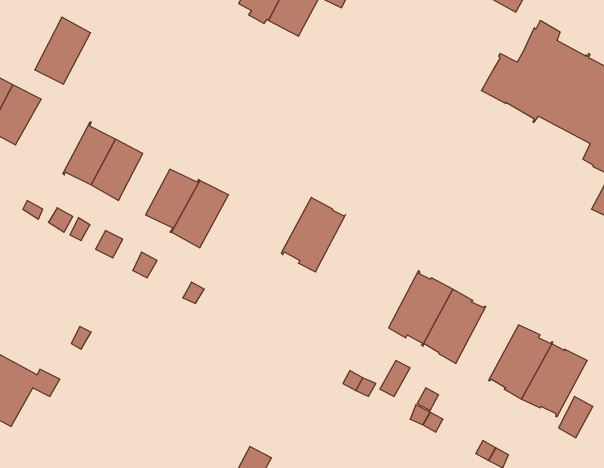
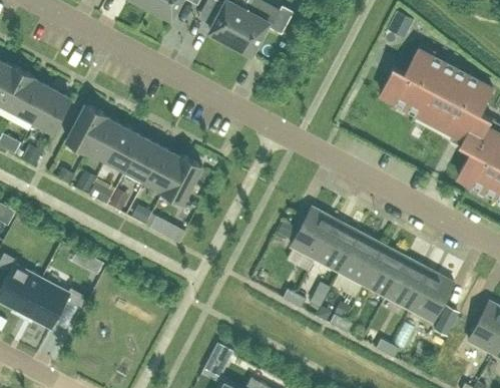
building: [35,17,91,84] -> [66,104,105,151]
building: none -> [125,137,161,180]
building: [281,198,346,272] -> [291,208,336,260]
building: none -> [362,245,406,297]

